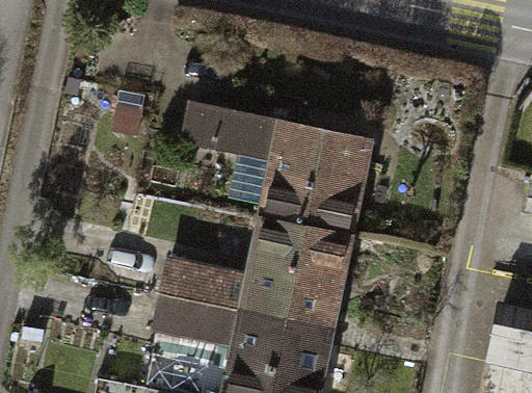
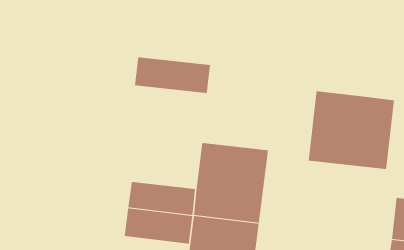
building: [264,123,366,235] -> none
building: none -> [308,90,394,170]

